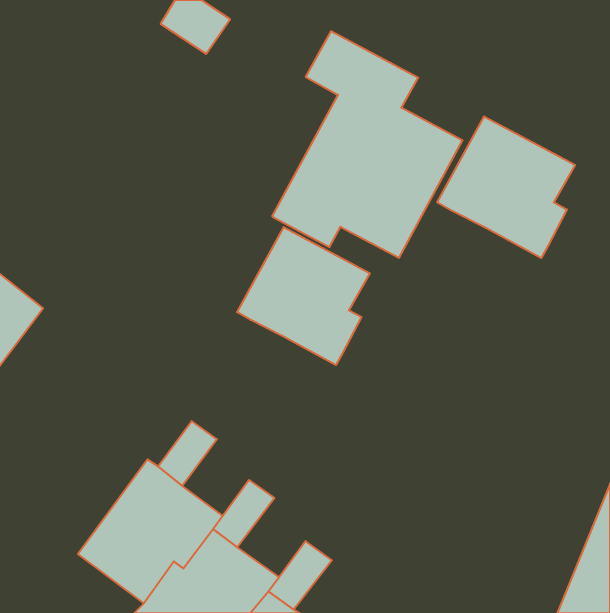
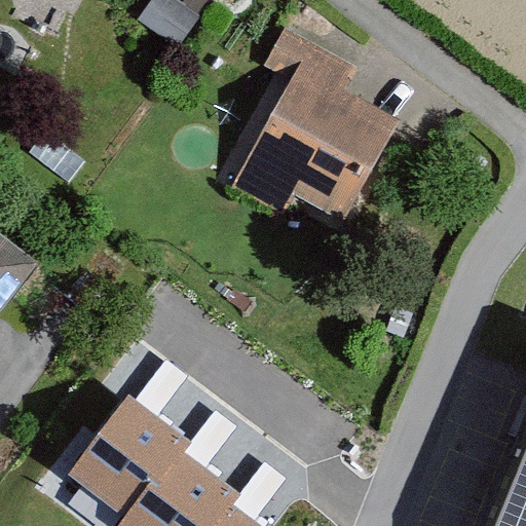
building: [437,116,575,258] -> none
building: [237,227,370,365] -> none

